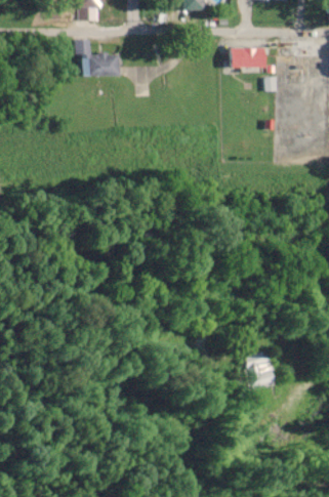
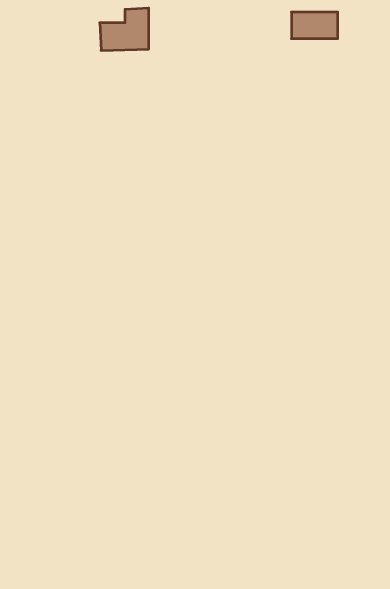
building: [247,353,272,387] -> none

